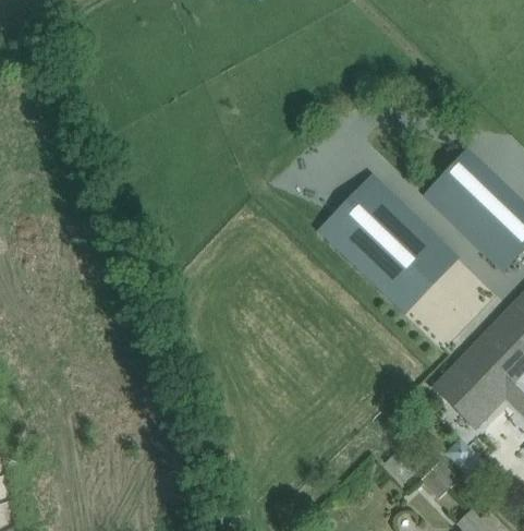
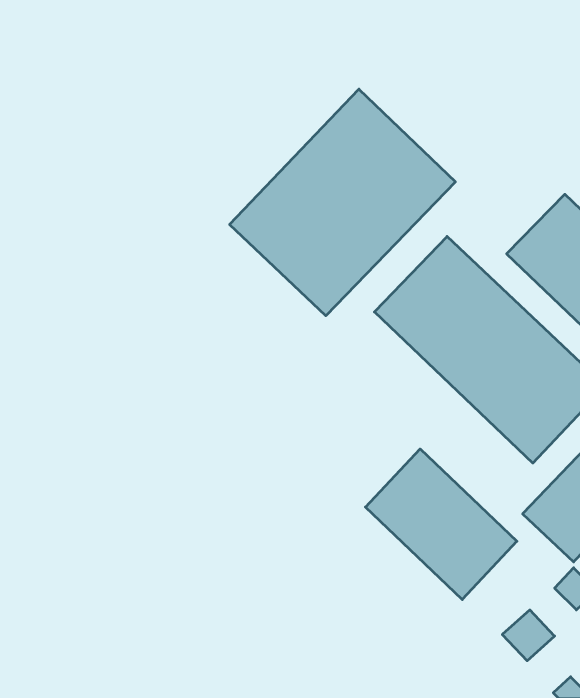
building: none -> [230,89,455,316]
building: none -> [365,449,517,600]

